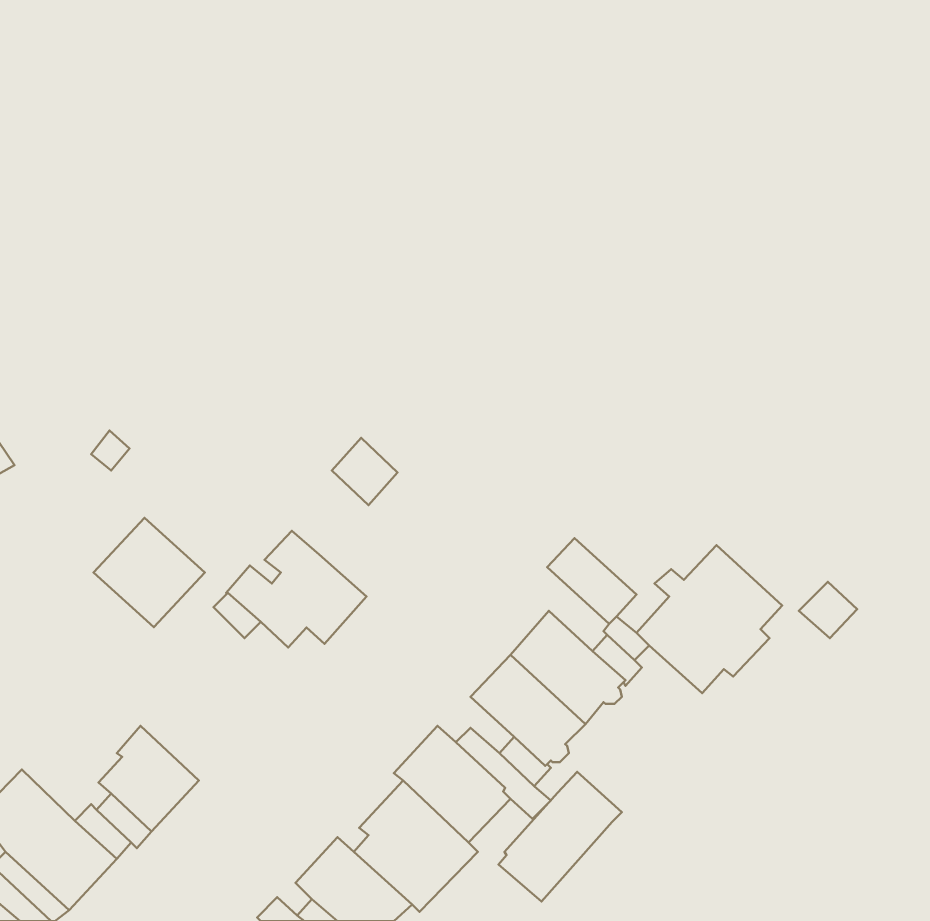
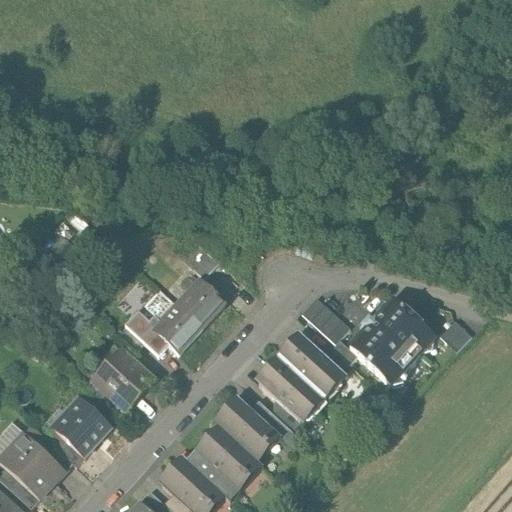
building: none -> [175,279,224,327]
building: [94,518,205,627] -> [92,350,153,410]
building: [499,772,622,902] -> none

